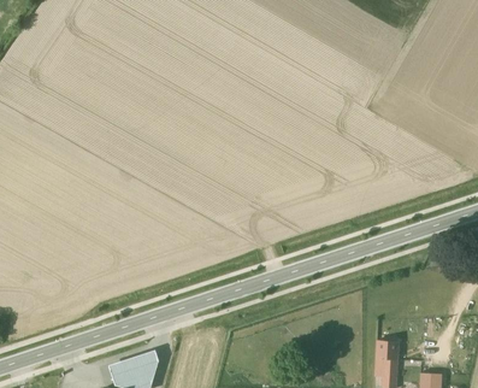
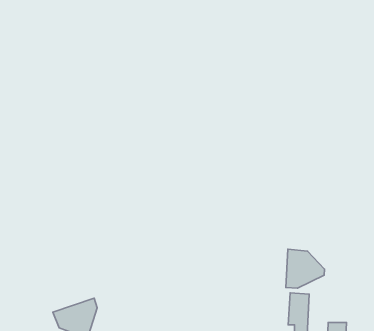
building: none -> [286,249,325,288]

